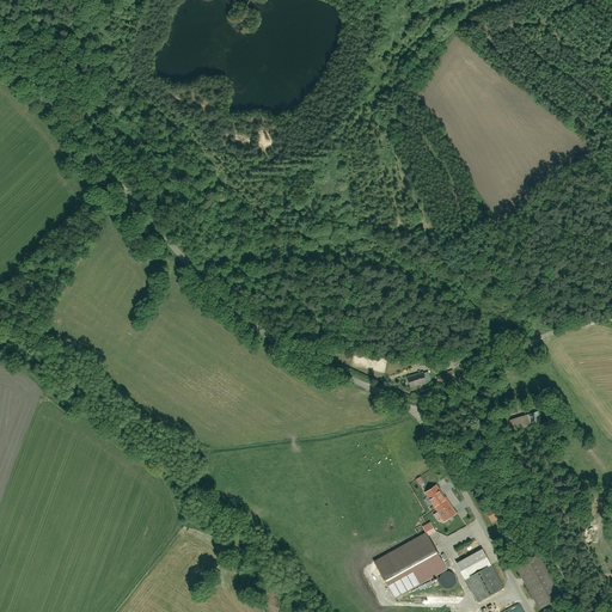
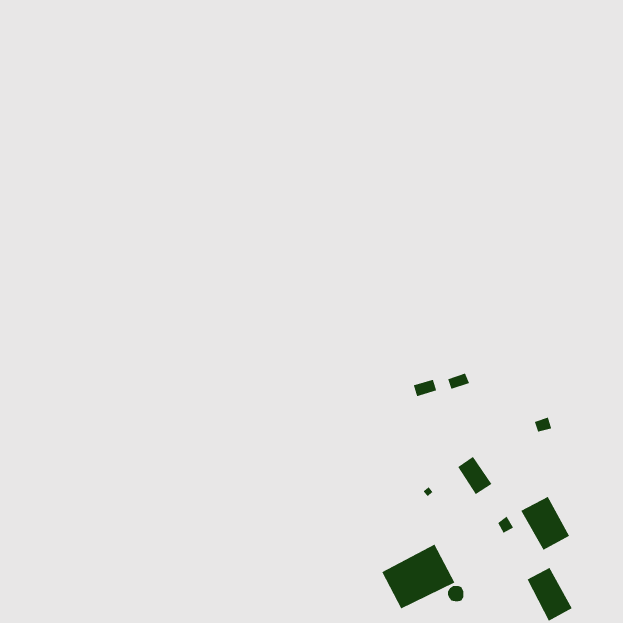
building: [422,481,457,519] -> [457,456,493,495]
building: [454,549,503,602] -> [520,496,570,551]

